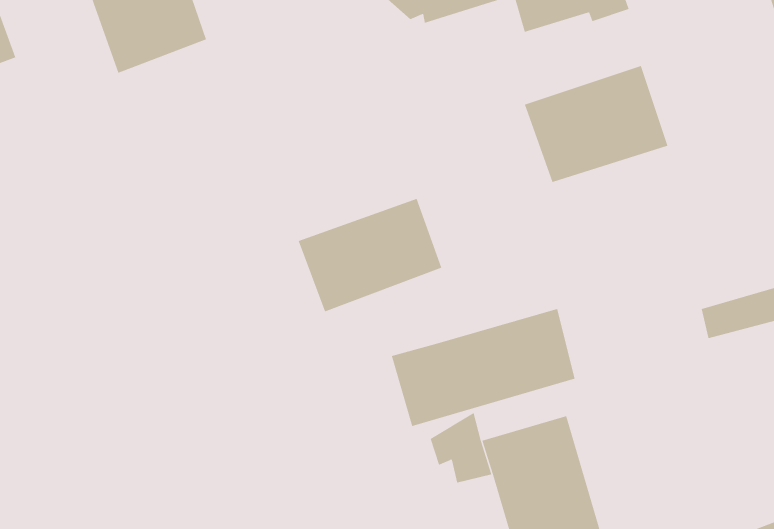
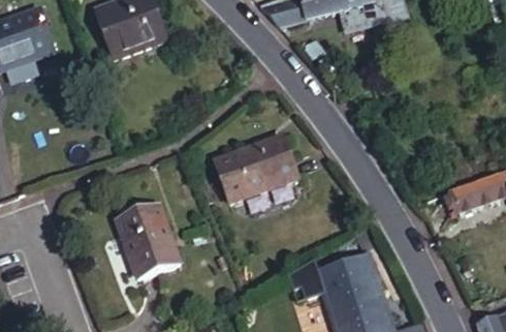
building: [524,65,668,183] -> none
building: [391,308,575,427] -> none
building: none -> [118,200,182,274]

